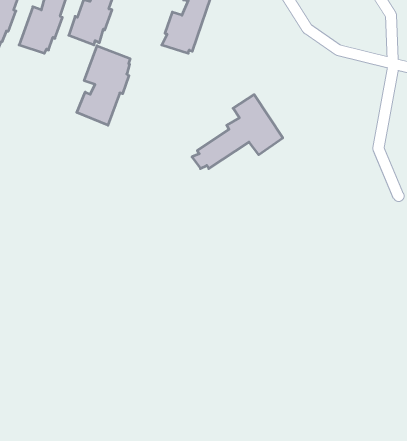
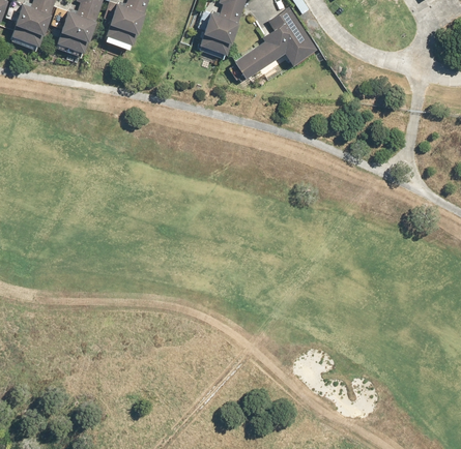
building: [77,46,130,125] -> none
building: [192,95,283,169] -> [227,7,316,80]

